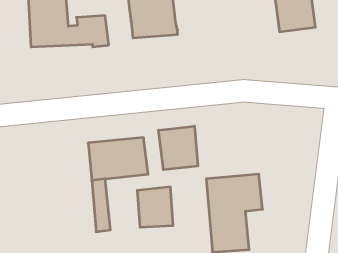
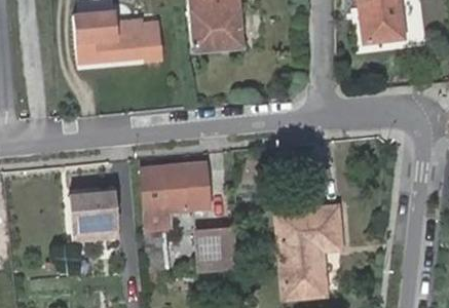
building: [159,126,198,170] -> none
building: none -> [70,189,116,227]

